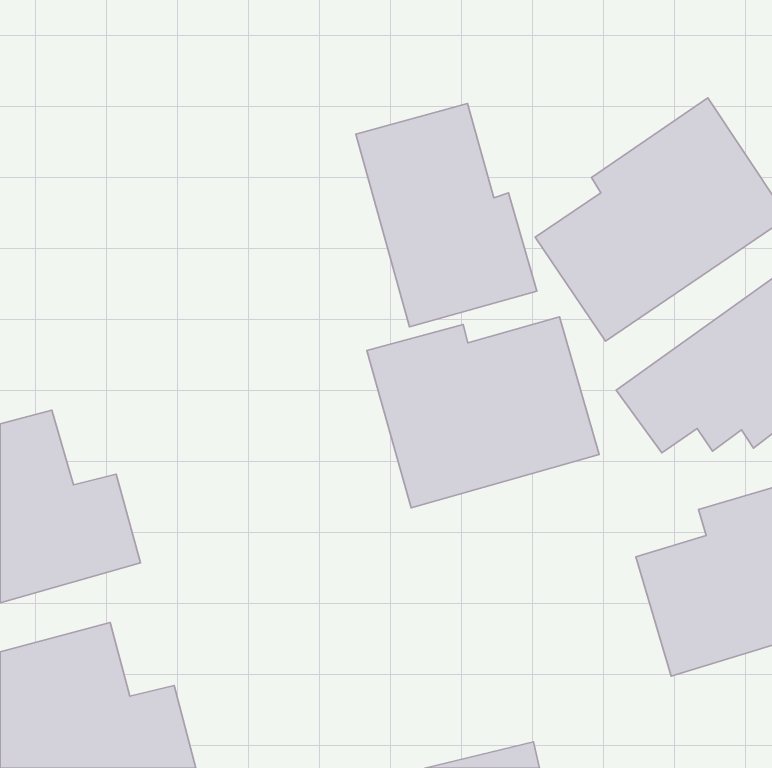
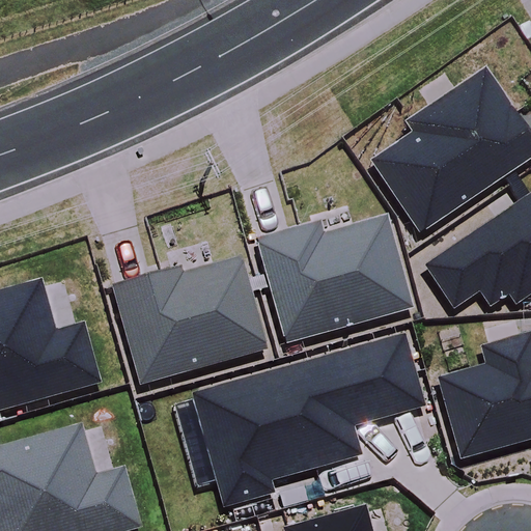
building: [356,104,537,327] -> none
building: none -> [111,256,267,384]
building: none -> [192,334,424,505]

